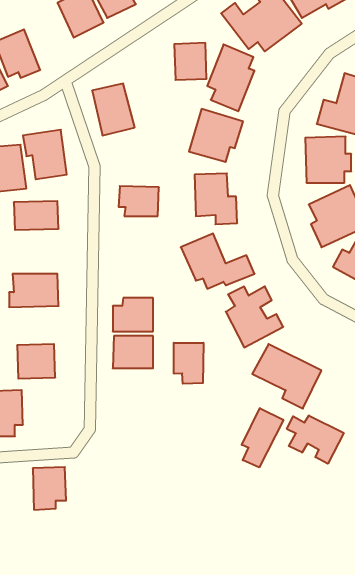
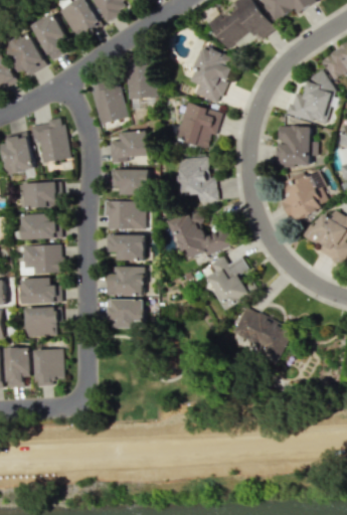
building: none -> [33,14,70,60]
building: [174,43,207,80] -> [127,66,155,99]
building: none -> [111,132,149,162]
building: none -> [104,200,144,229]
building: none -> [20,214,60,240]
building: none -> [109,234,144,261]
building: none -> [21,279,61,304]
building: [174,343,203,384] -> none
building: [242,408,283,467] -> none
building: [287,415,344,464] -> none
building: [33,467,66,510] -> [34,349,63,386]

